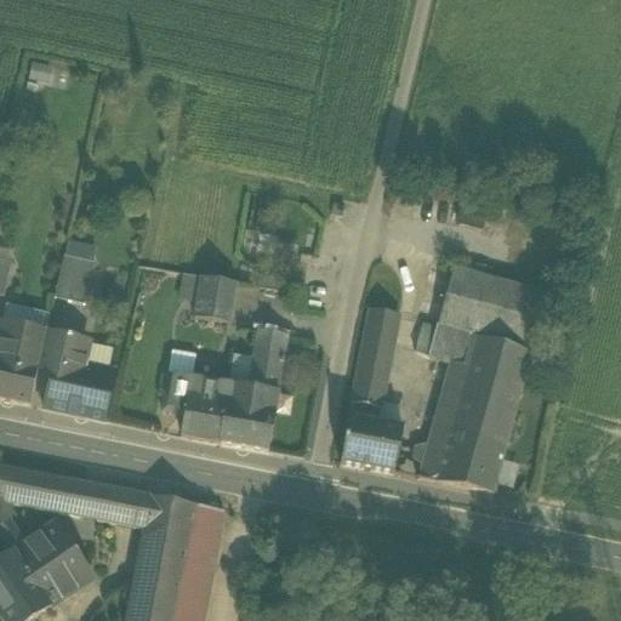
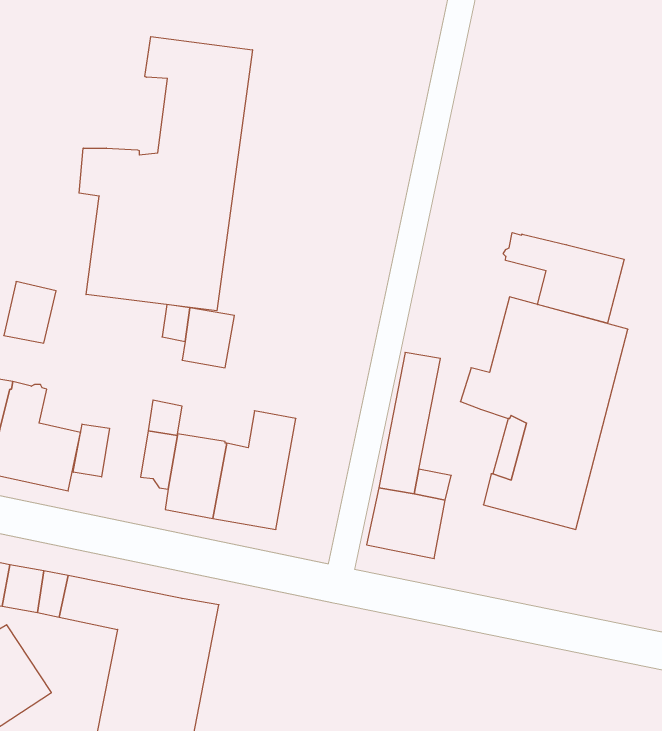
building: none -> [79,37,252,311]
building: none -> [503,233,624,323]
building: [258,327,289,360] -> none
building: none -> [73,424,109,477]
building: [414,428,505,490] -> none

